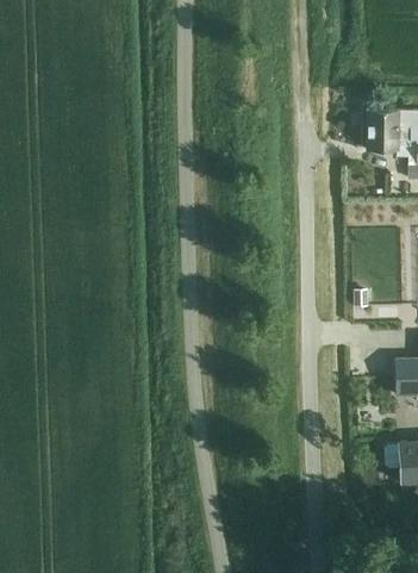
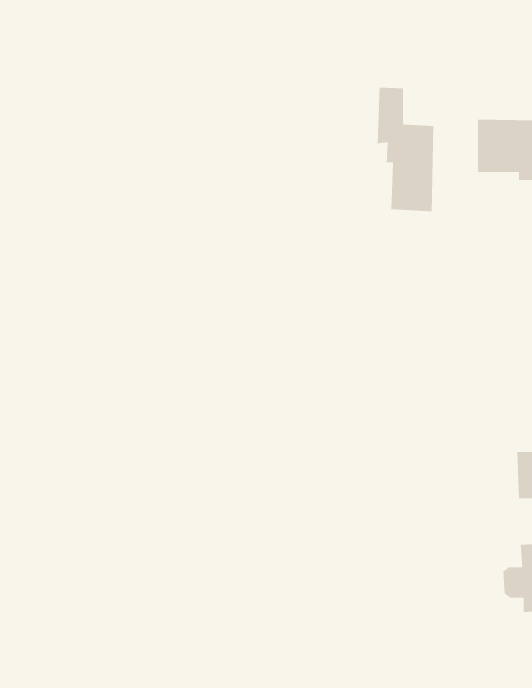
building: none -> [377,87,434,212]

